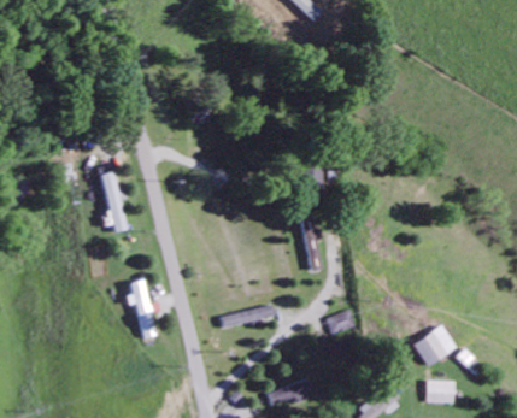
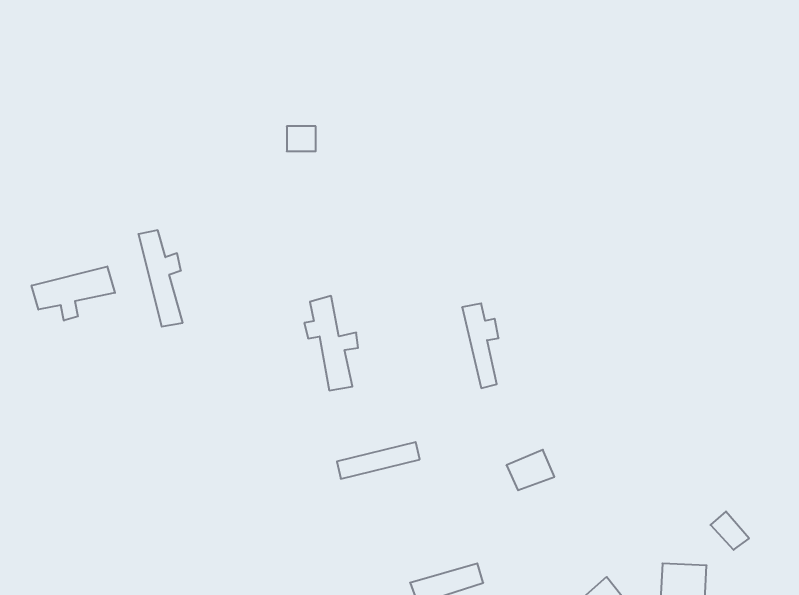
building: none -> [32,266,115,321]
building: [124,278,158,337] -> [304,296,358,390]
building: [412,324,456,366] -> none

